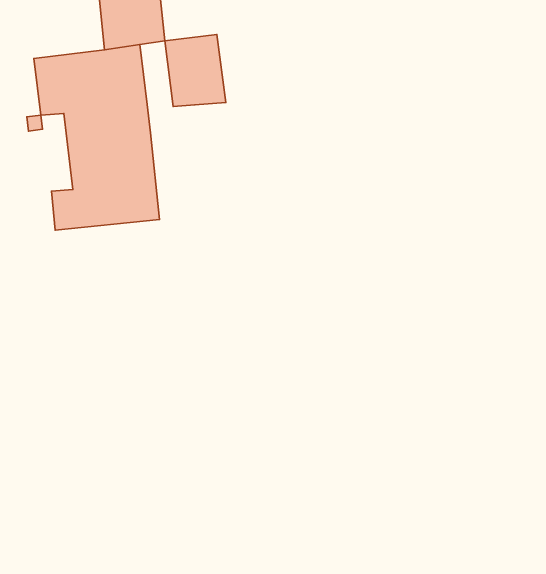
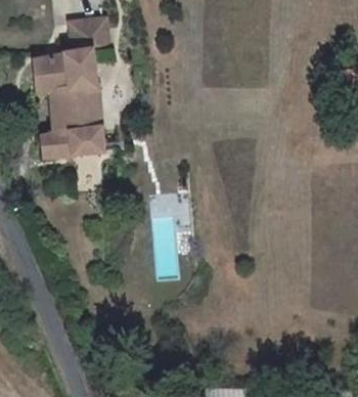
building: [165,35,226,107] -> none

